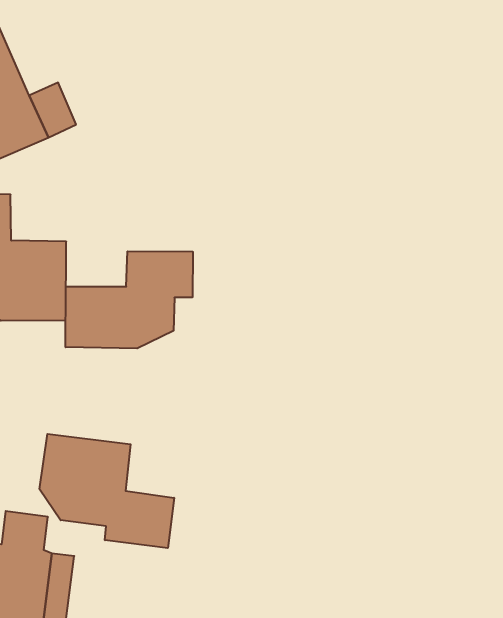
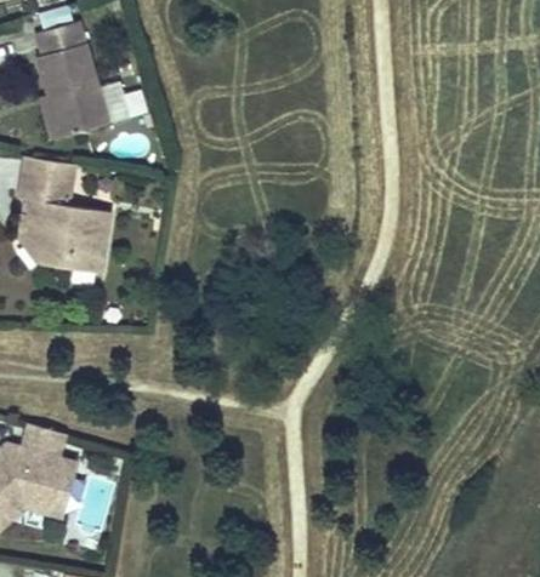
building: [66,251,193,348] -> none
building: [40,434,174,548] -> none

